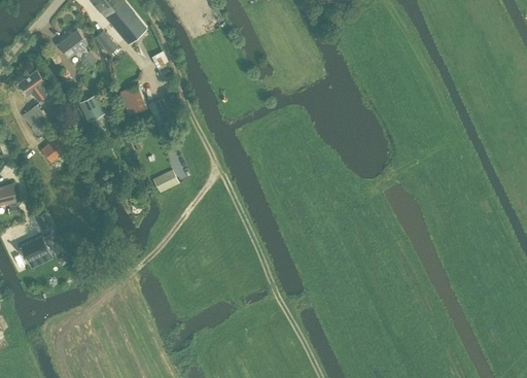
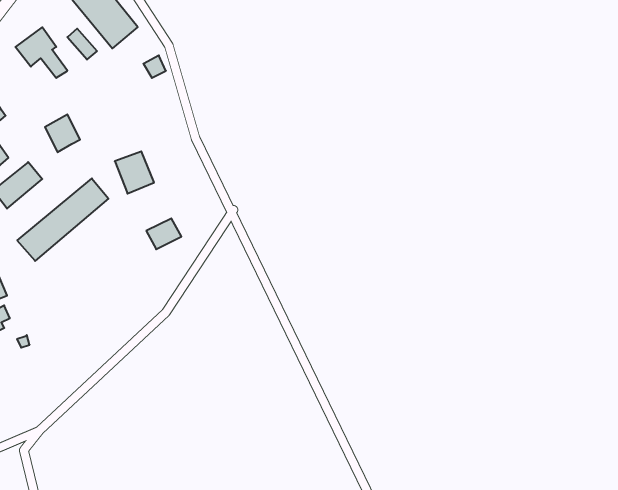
building: [118,83,147,114] -> [115,151,154,194]
building: none -> [17,178,108,261]

